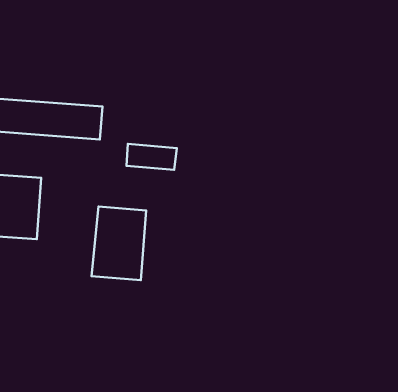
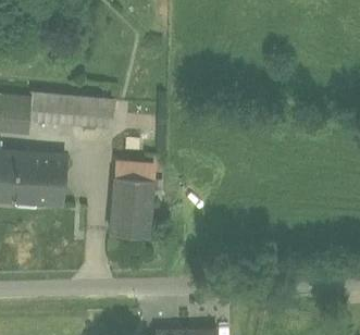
building: [126,144,177,170] -> [112,162,152,183]

